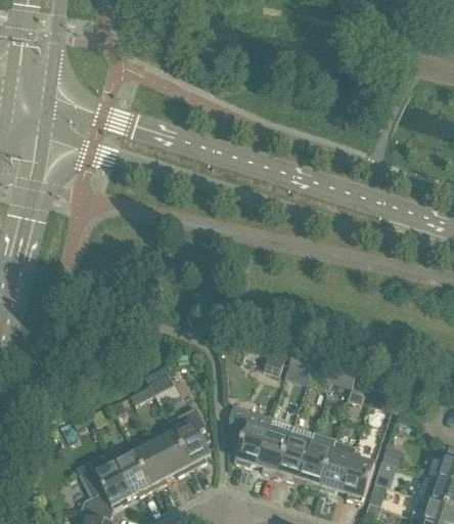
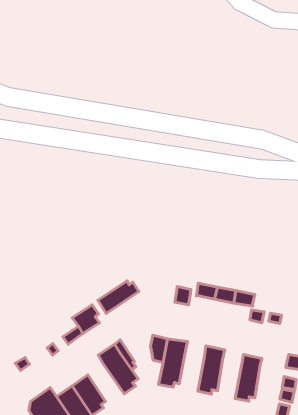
building: none -> [98,281,139,313]
building: [257,418,292,476] -> none
building: [153,432,192,476] -> none
building: [300,443,331,489] -> none
building: [342,456,374,503] -> none

